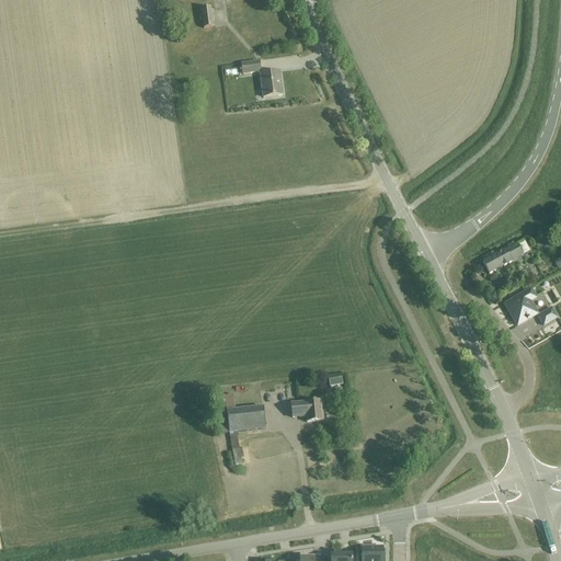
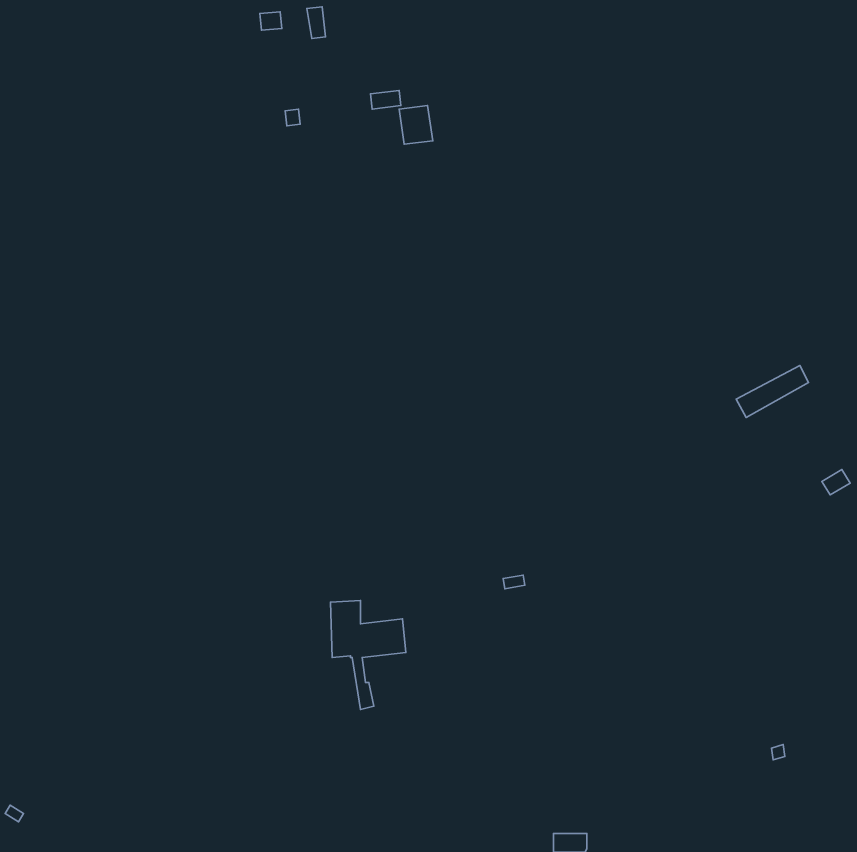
building: [503,287,537,324] -> none
building: [291,399,323,420] -> none

